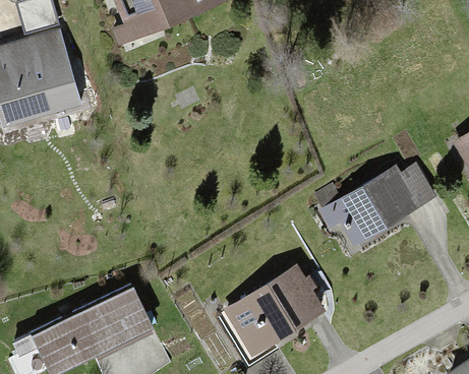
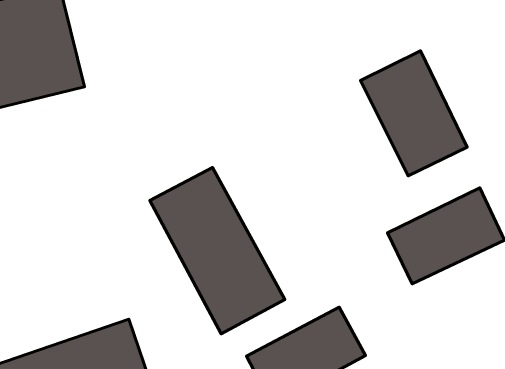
building: none -> [360,51,467,176]
building: none -> [150,167,285,334]

